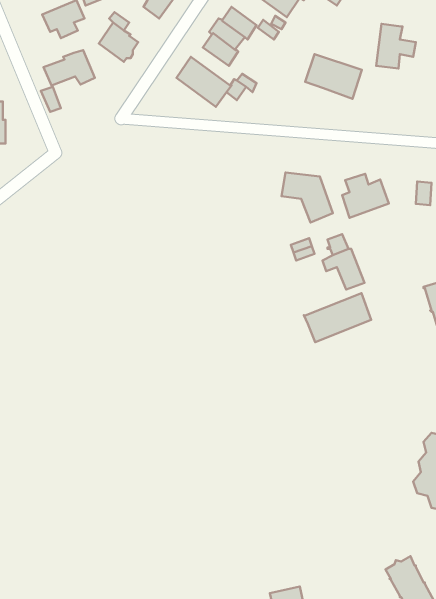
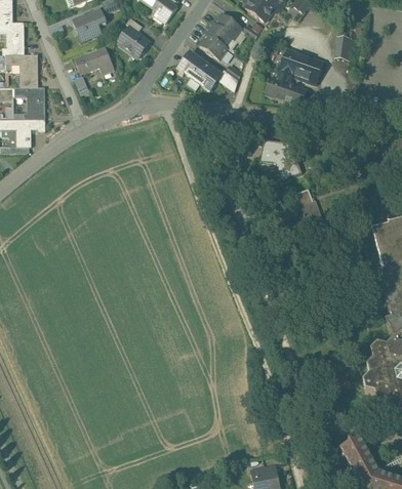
building: none -> [265,73,307,104]
building: [342,174,389,218] -> none
building: [304,293,371,342] -> none

